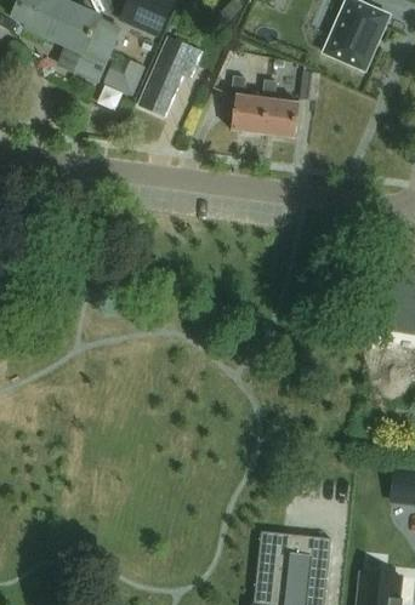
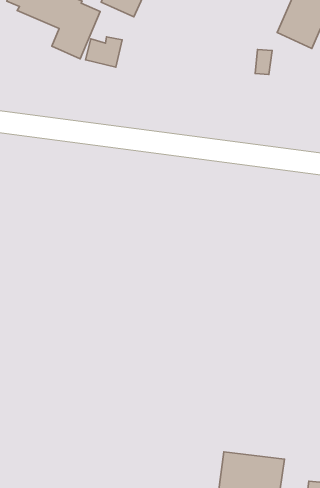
building: [137,35,201,115] -> none
building: [229,75,299,137] -> none

